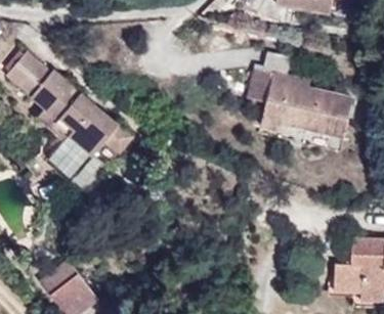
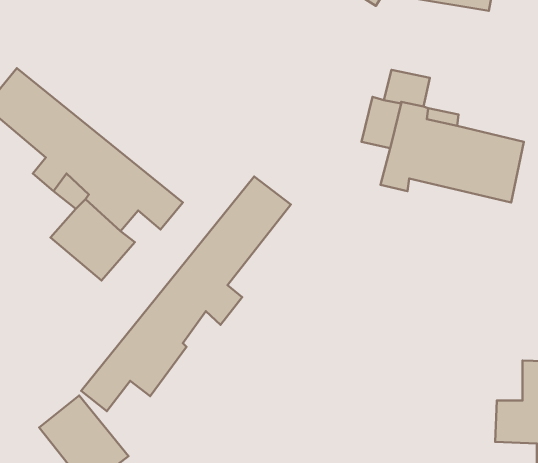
building: none -> [81,176,291,411]

